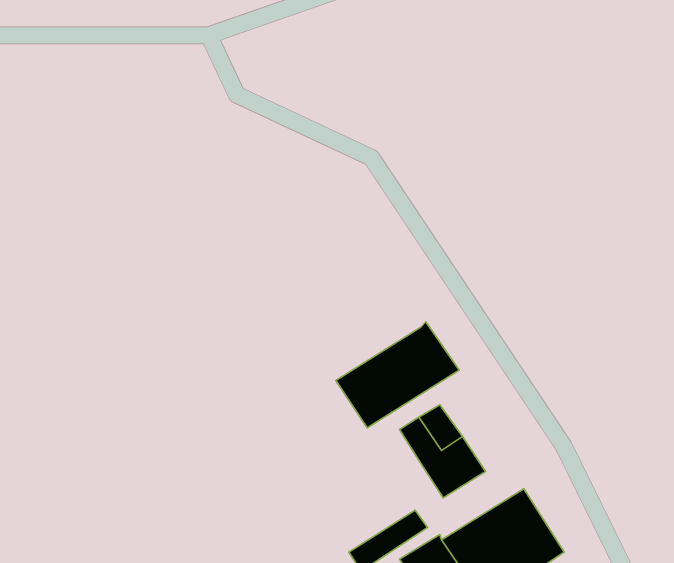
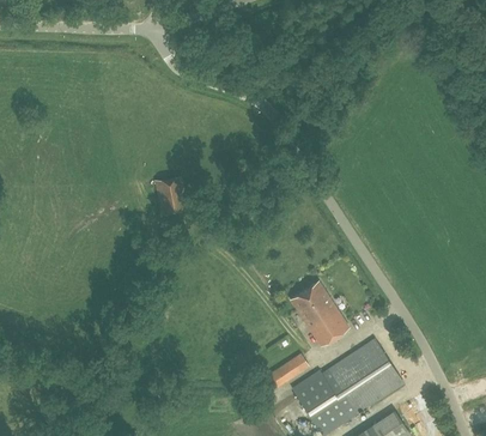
building: none -> [153,178,186,212]
building: [336,322,459,428] -> none

